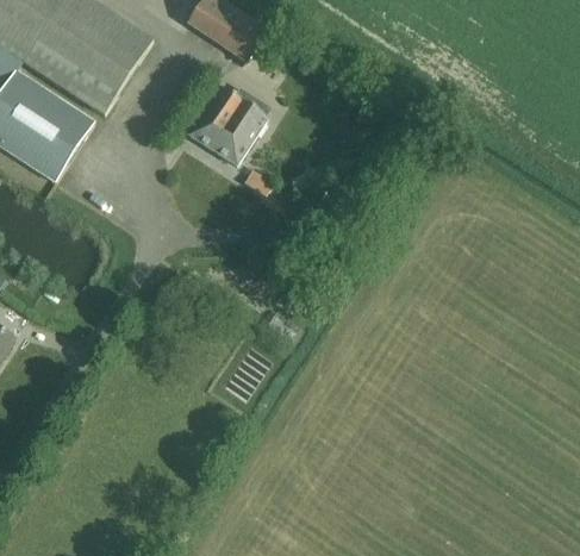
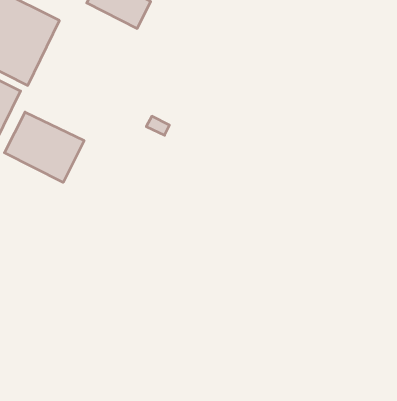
building: [189,86,267,163] -> none
building: none -> [4,112,84,182]

